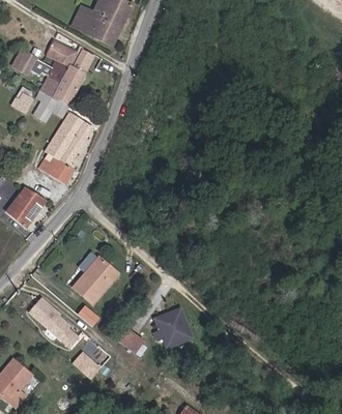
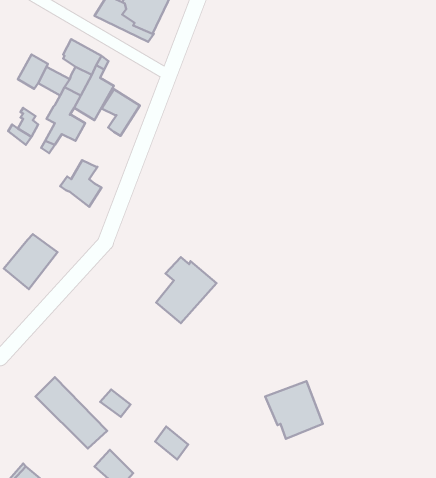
building: [62,116,91,151] -> [101,89,140,136]
building: [40,153,73,182] -> none
building: [74,255,119,304] -> [156,257,216,323]
building: [150,304,194,348] -> [265,381,323,439]

